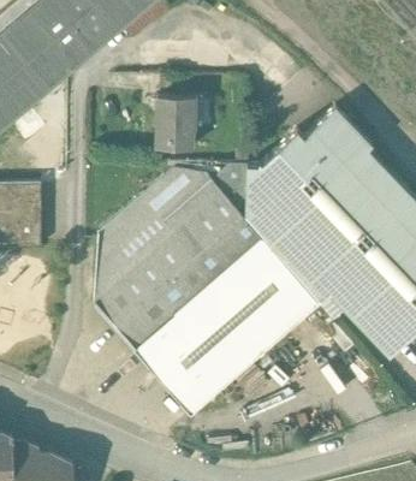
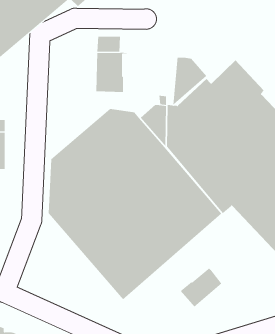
building: none -> [173,57,207,105]
building: none -> [180,265,222,307]

